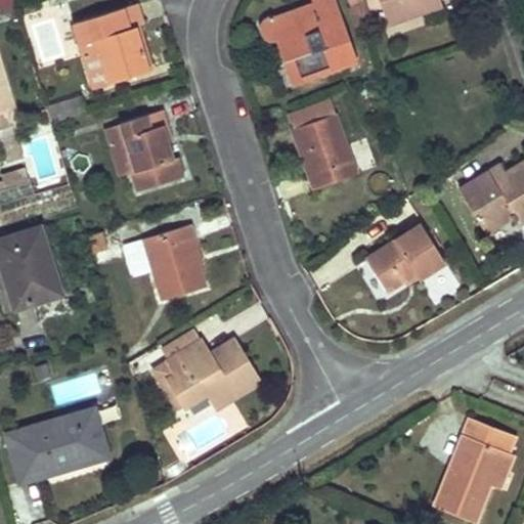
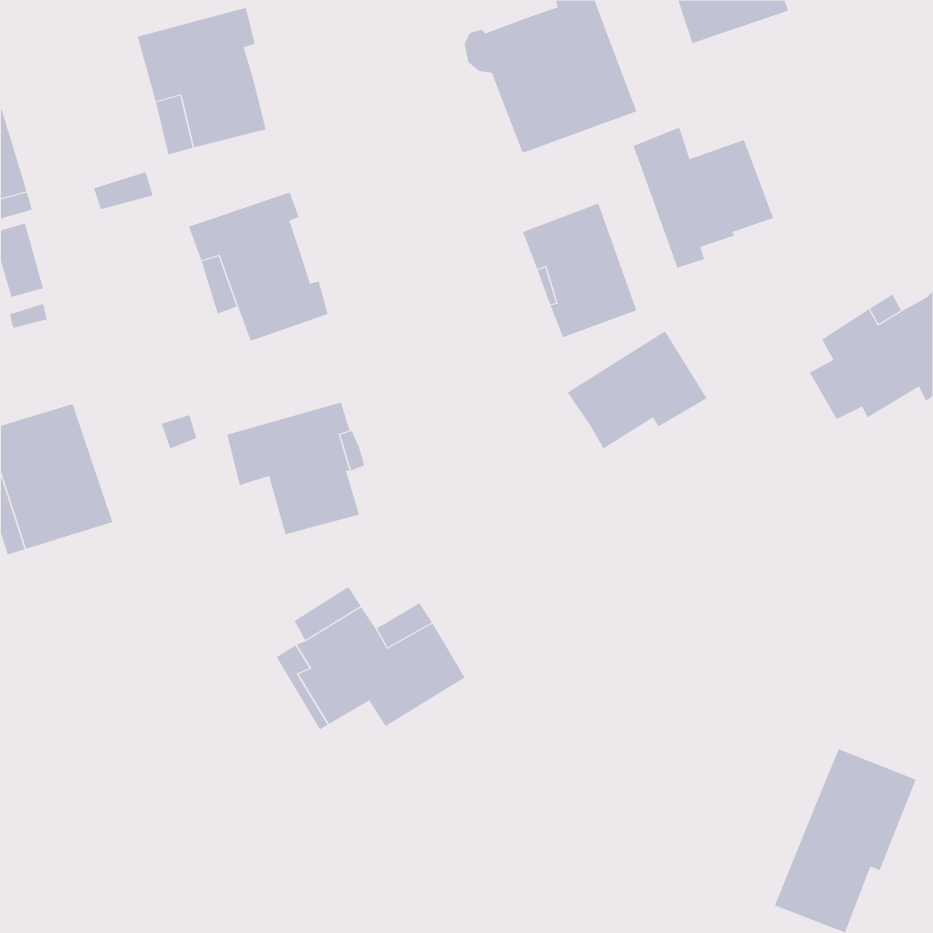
building: none -> [633,127,774,268]
building: [366,224,445,291] -> [567,330,707,449]
building: [5,407,108,482] -> none

